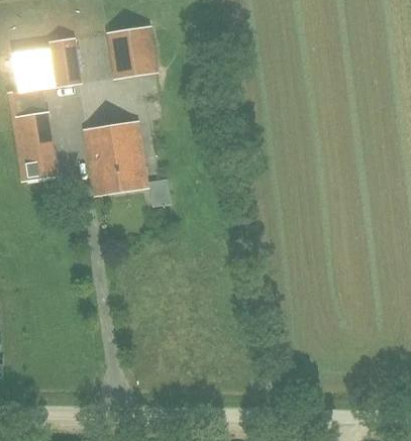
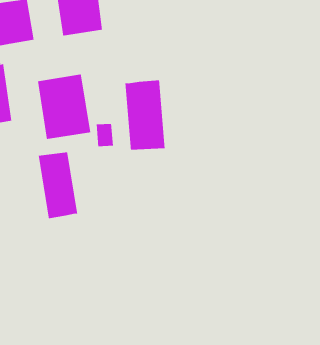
building: none -> [125,80,165,150]
building: none -> [38,151,78,219]

